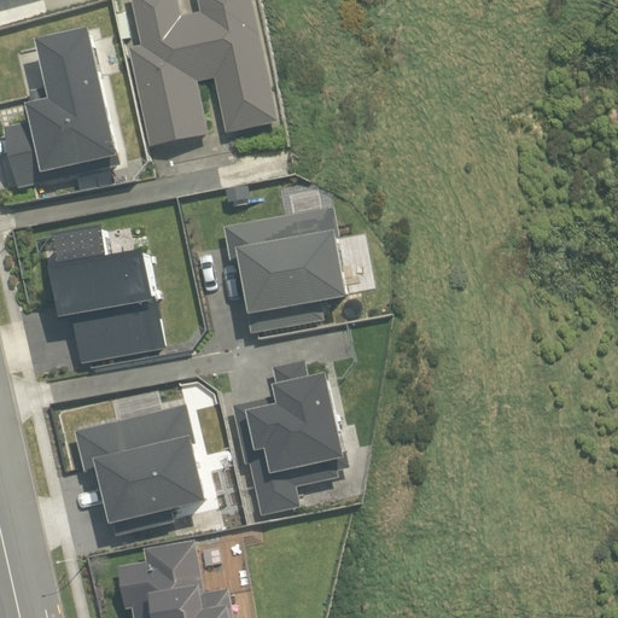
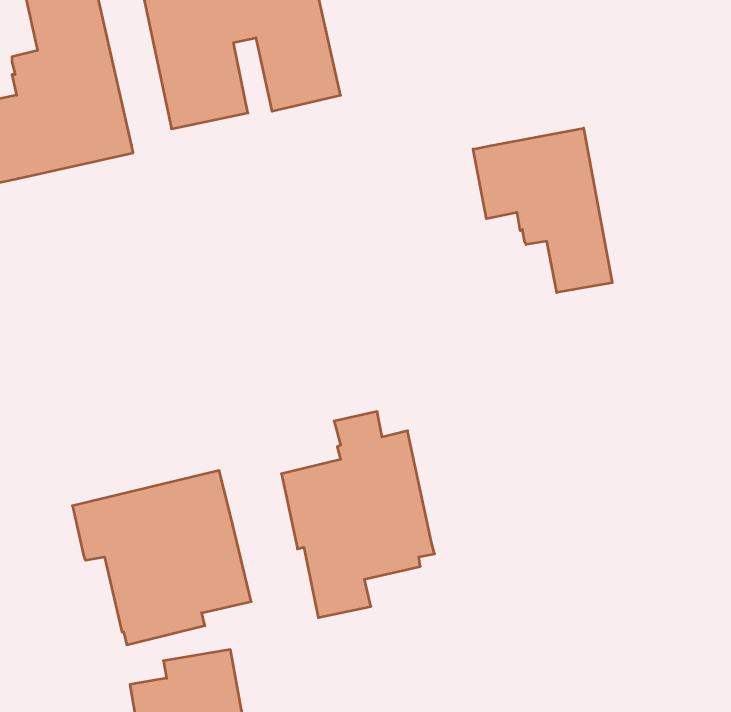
building: none -> [473,128,612,293]
building: [222,206,348,333] -> none
building: [51,226,164,363] -> none

